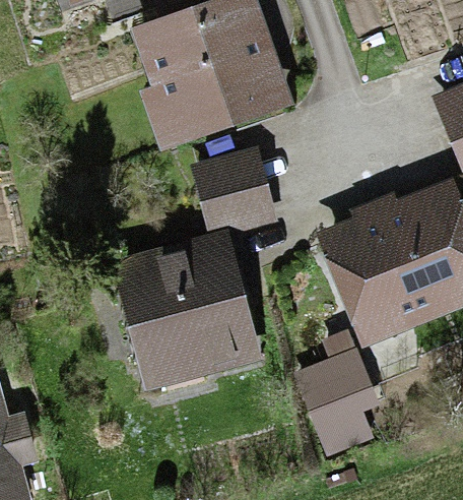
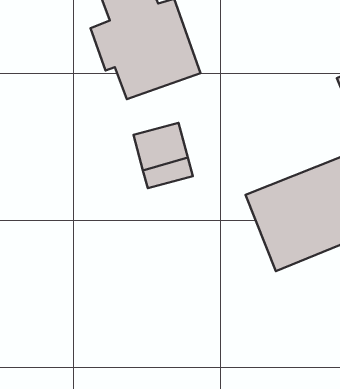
building: [127,246,250,378] -> none
building: [301,355,369,452] -> none

